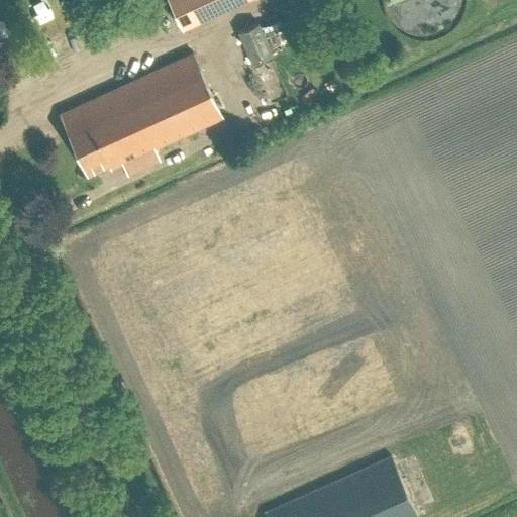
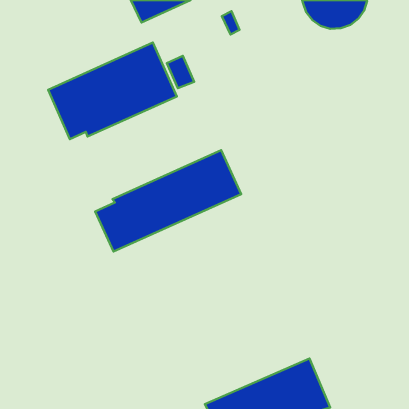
building: [238,25,273,66] -> [167,56,194,88]
building: none -> [95,150,241,251]

